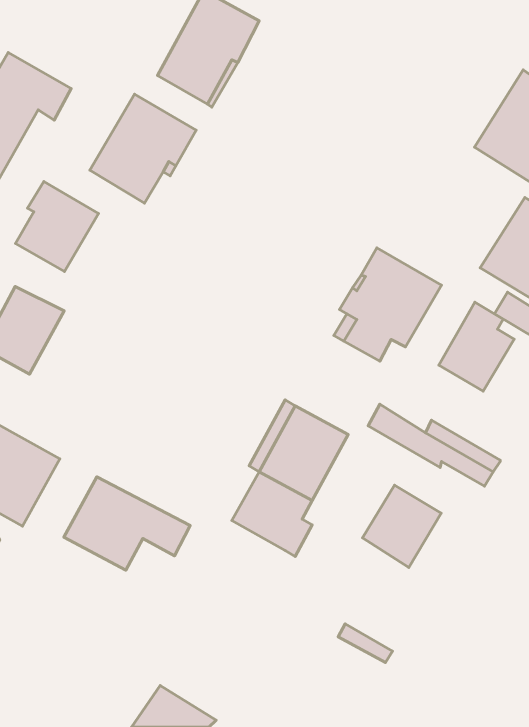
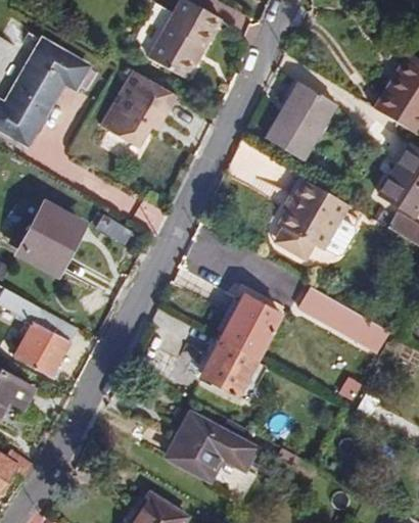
building: none -> [265,82,335,159]
building: [15,181,98,271] -> none
building: [439,302,514,391] -> none
building: [64,477,190,570] -> [167,413,257,479]
building: [362,485,441,568] -> none

